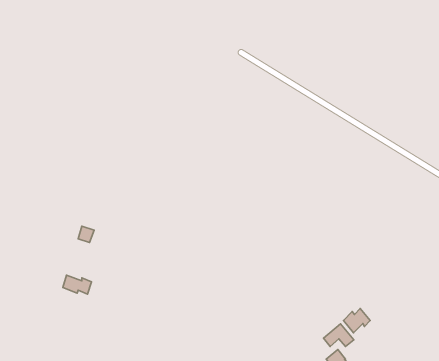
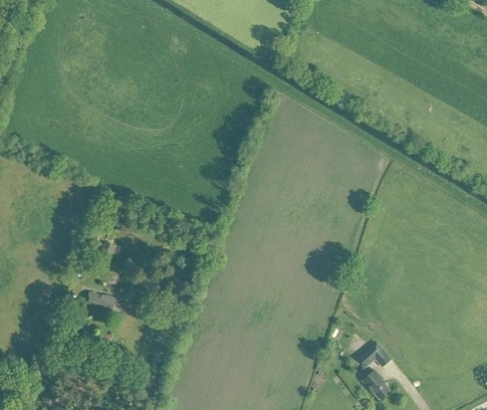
building: [344,308,370,333] -> none

